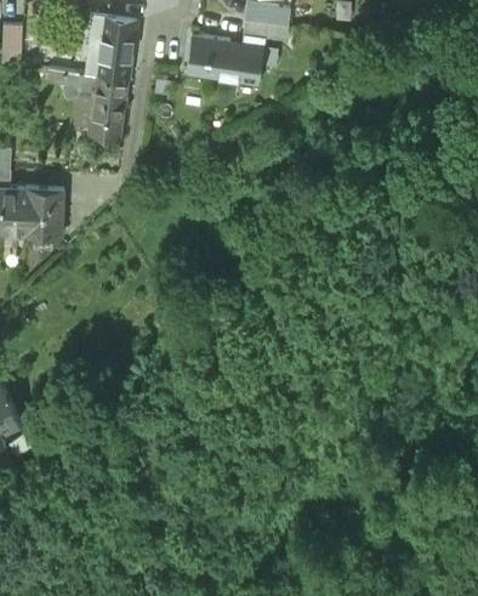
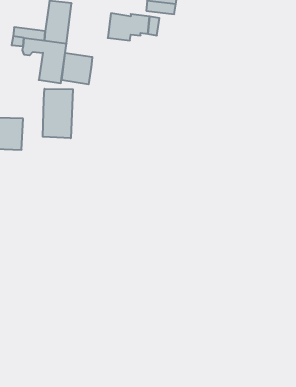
building: none -> [62,53,92,84]
building: none -> [43,89,73,138]

